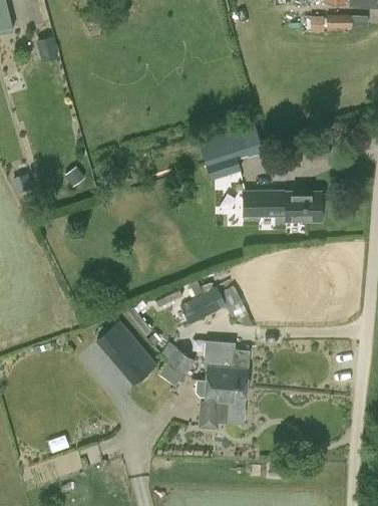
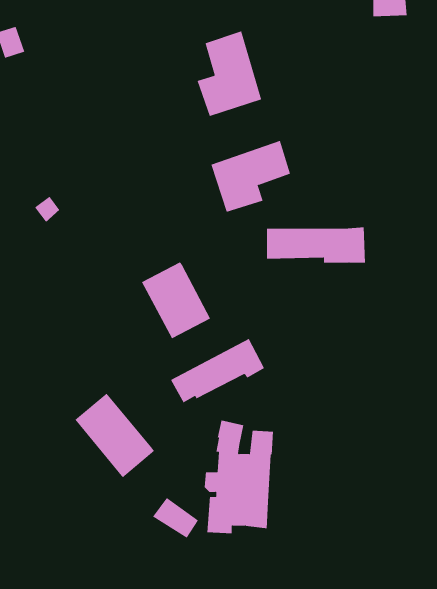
building: none -> [197,30,262,117]
building: none -> [141,262,211,339]
building: [159,343,196,375] -> [152,497,199,539]

